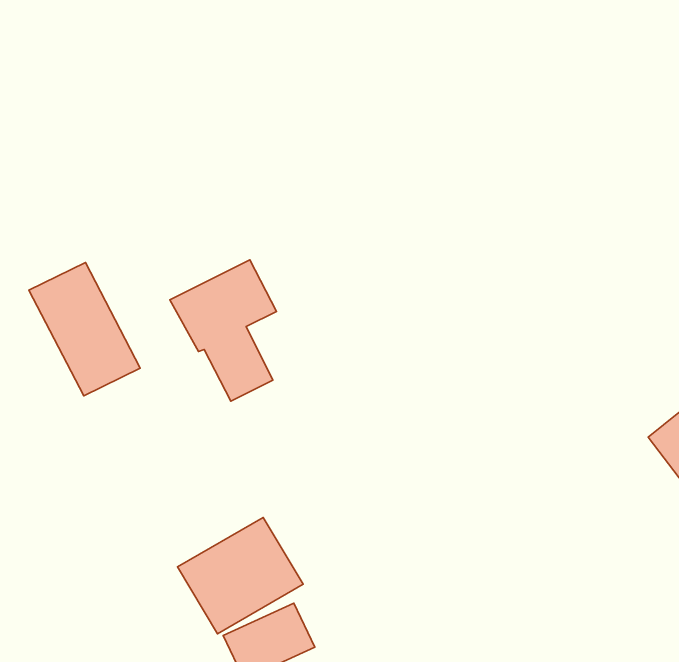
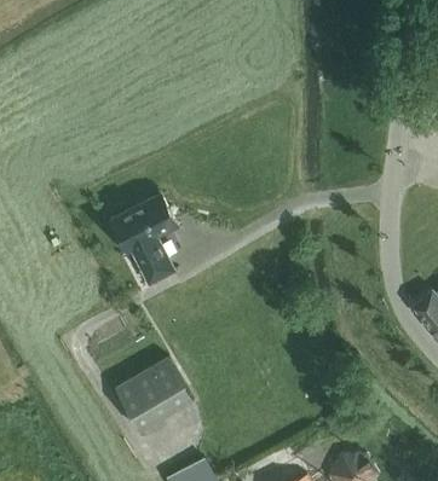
building: [29,263,140,396] -> none

